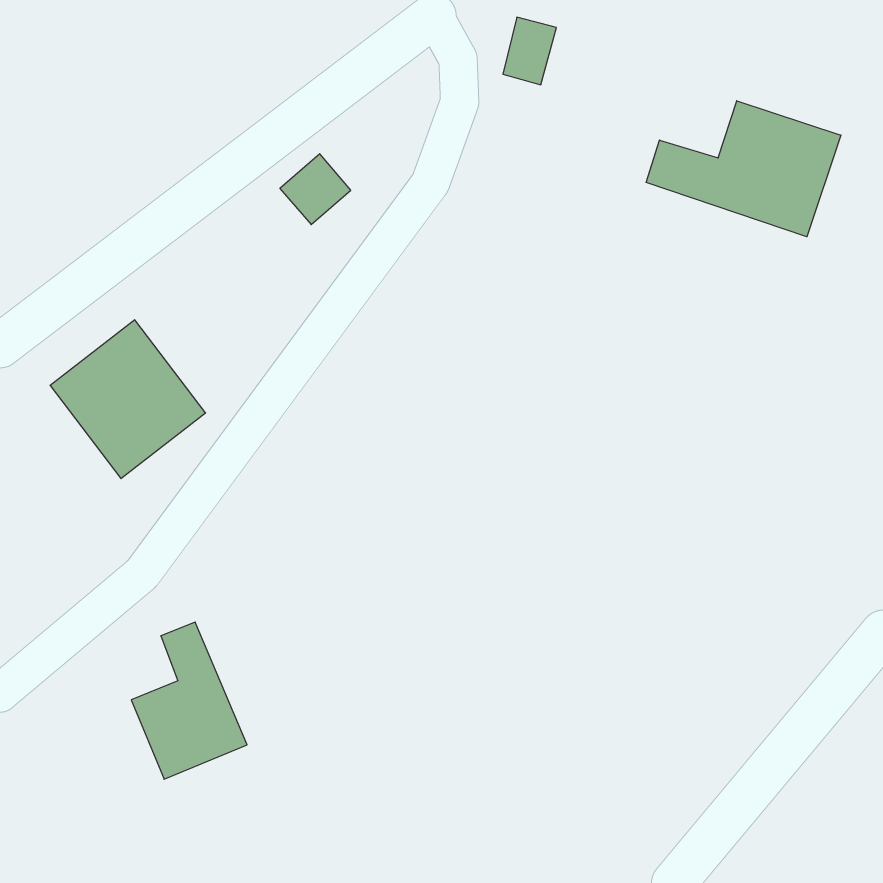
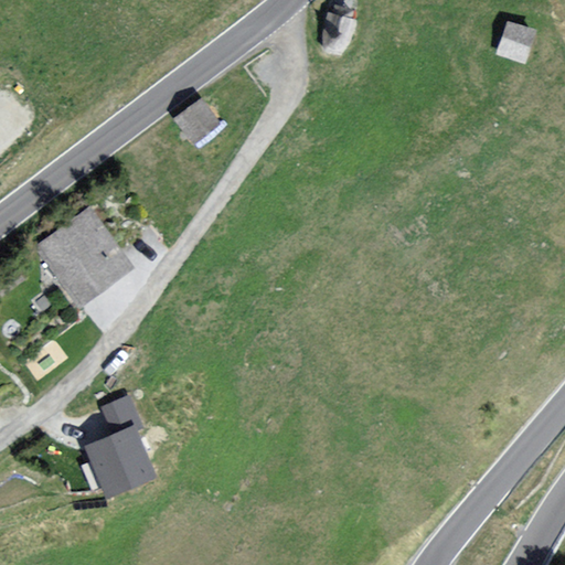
building: none -> [497,23,536,63]
building: [646,101,841,237] -> none

